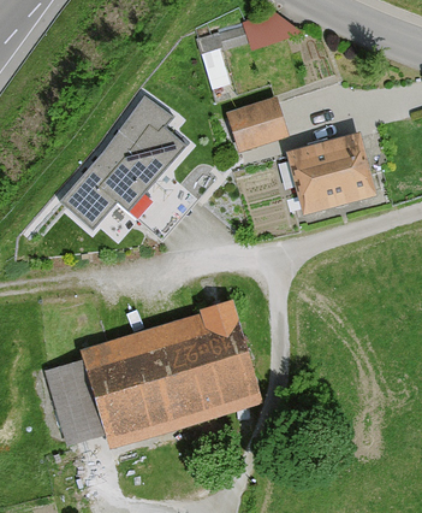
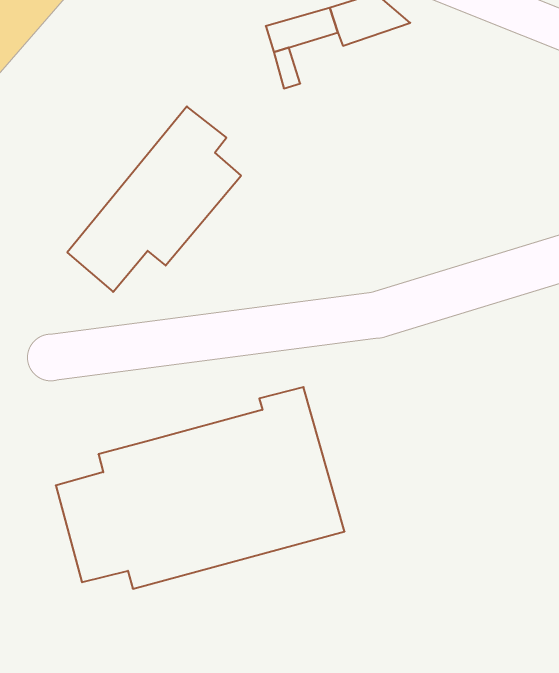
building: [227,99,285,149] -> none
building: [286,134,378,217] -> none

